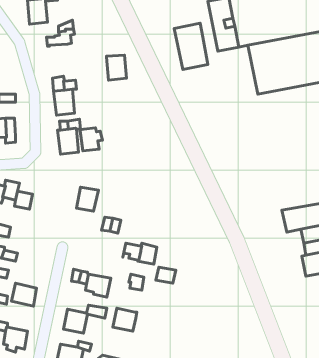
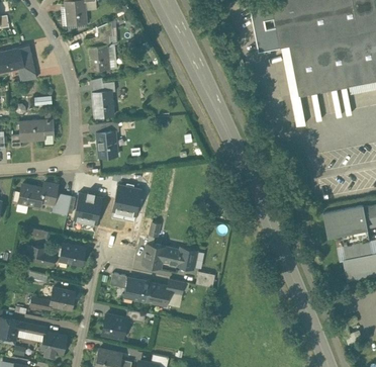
building: [174,23,208,69] -> none
building: [106,55,126,80] -> [88,45,108,71]
building: [80,128,102,151] -> none
building: none -> [73,193,102,224]
building: none -> [60,243,85,265]
building: none -> [143,243,165,268]
building: [113,308,137,331] -> [146,282,170,305]

